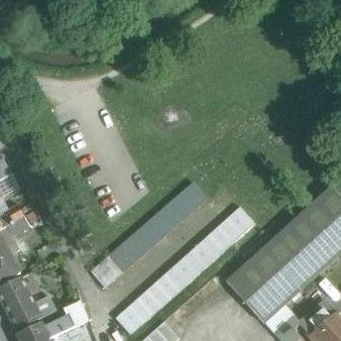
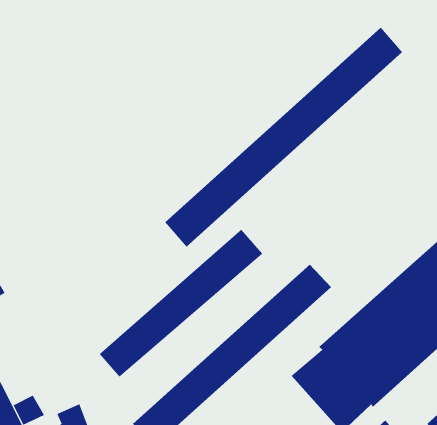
building: none -> [164,27,403,248]

